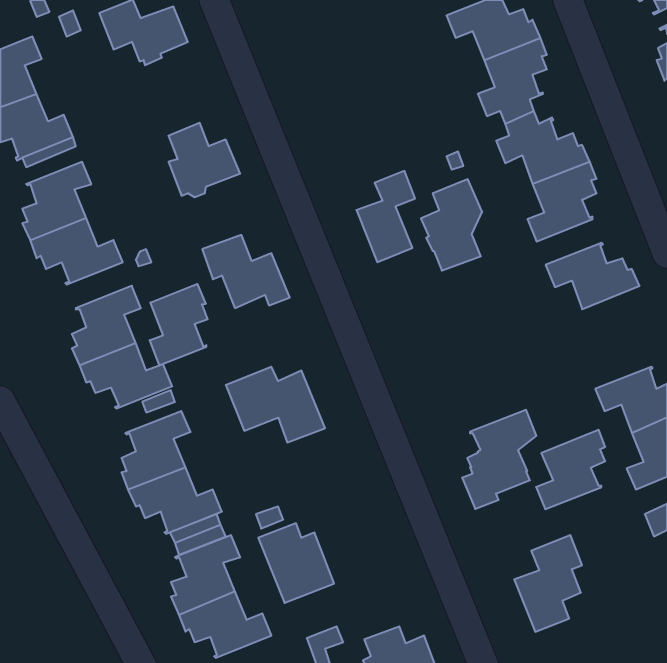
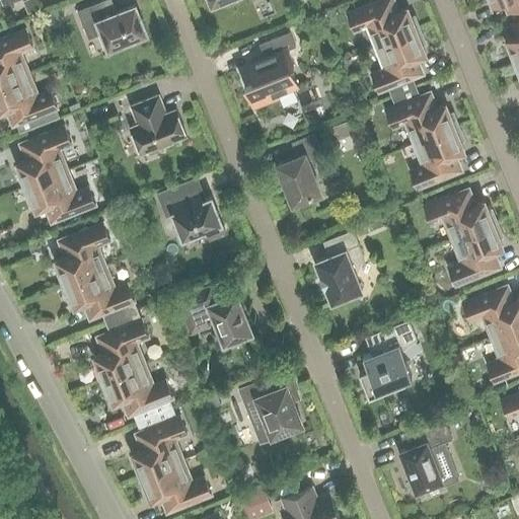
building: none -> [244,34,298,118]
building: [421,179,482,271] -> [315,233,363,304]
building: [150,284,208,366] -> none
building: [536,430,605,509] -> [448,225,502,287]
building: [258,523,334,603] -> [242,380,301,442]

